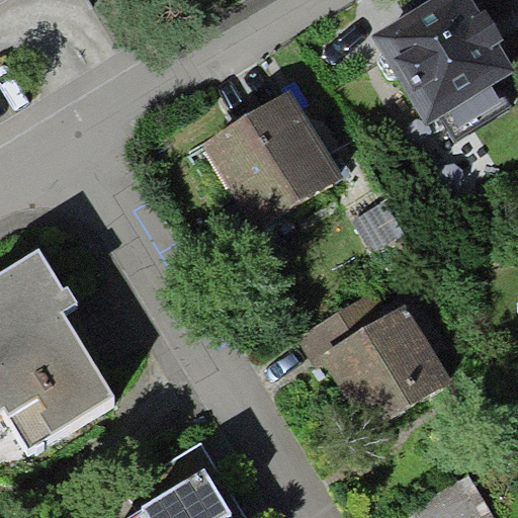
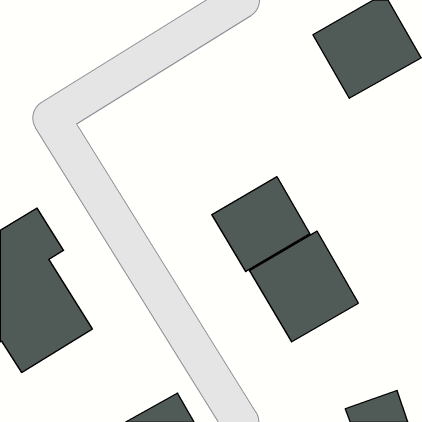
building: [191,79,329,214] -> none
building: none -> [212,177,310,272]

